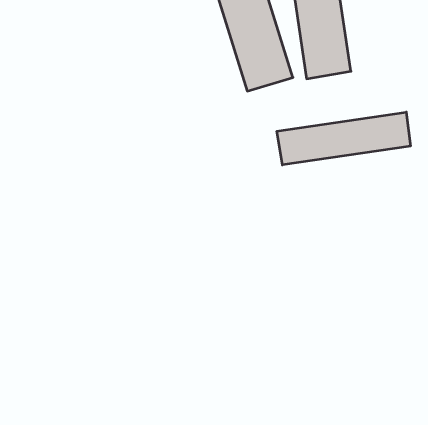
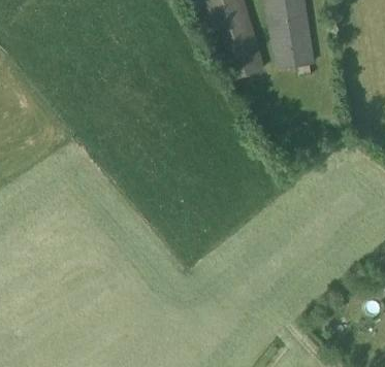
building: [277,112,410,165] -> none

